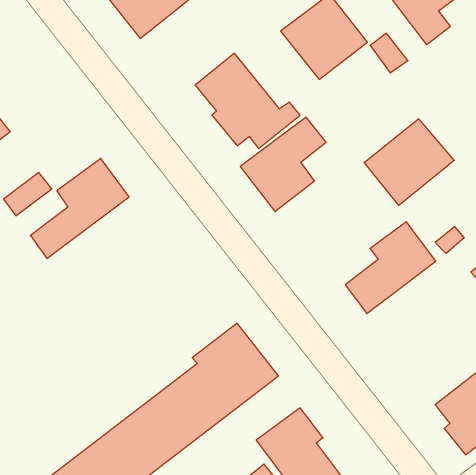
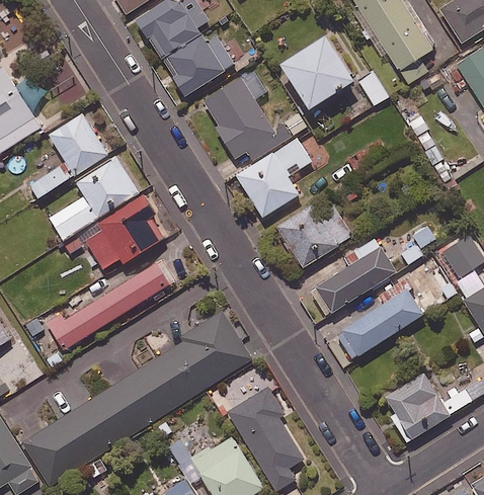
building: none -> [163,34,235,95]
building: none -> [48,113,108,175]
building: [364,119,454,205] -> [275,195,353,268]
building: none -> [81,193,165,269]
building: none -> [336,280,423,358]
building: none -> [46,259,175,349]

